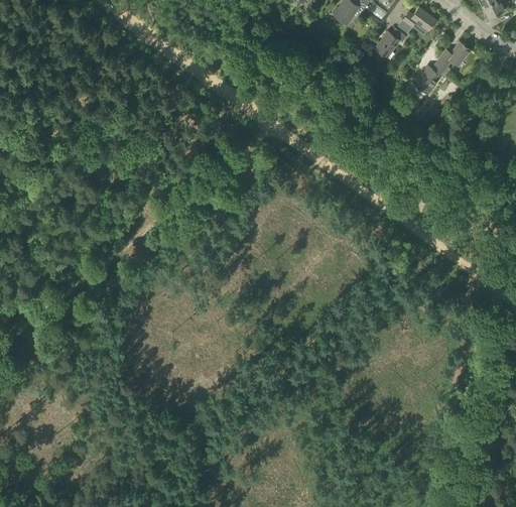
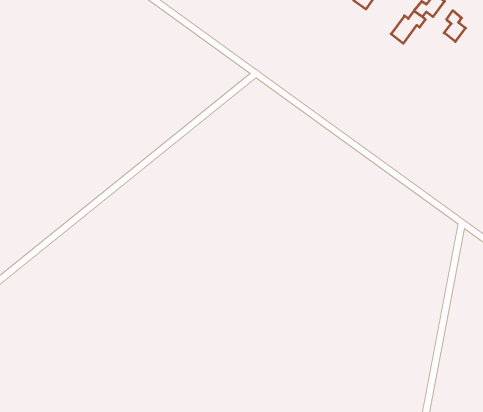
building: none -> [444,11,466,42]

